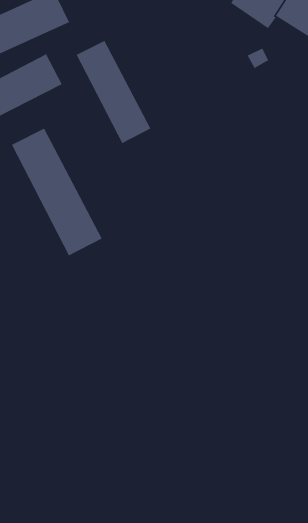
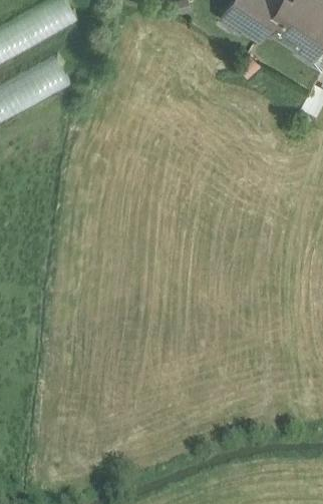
building: [76,40,151,144] -> none
building: [11,128,103,257] -> none

